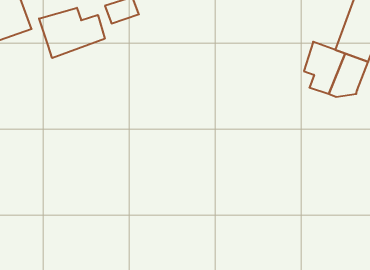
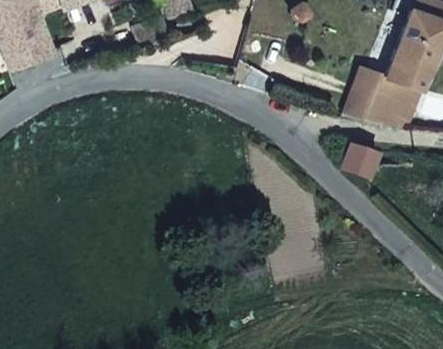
building: [39,8,105,58] -> none
building: none -> [343,142,380,179]

